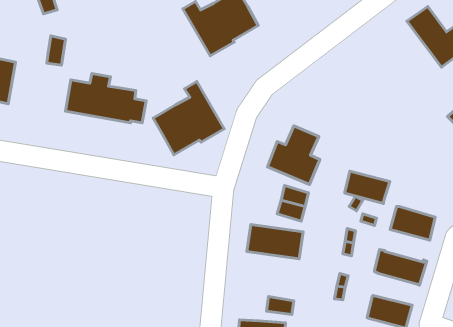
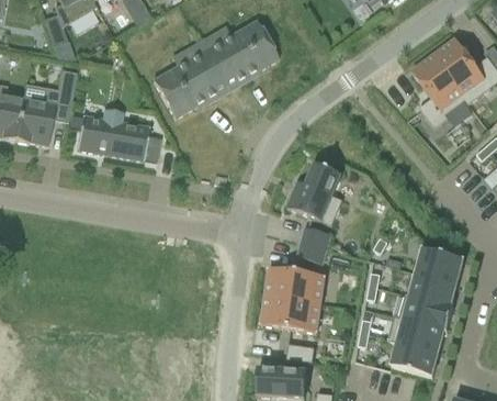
building: none -> [411,53,470,126]
building: none -> [15,96,55,144]
building: [153,82,224,155] -> [153,40,227,116]
building: [345,171,390,204] -> [410,271,458,305]
building: none -> [261,294,320,331]
building: none -> [387,313,444,350]

